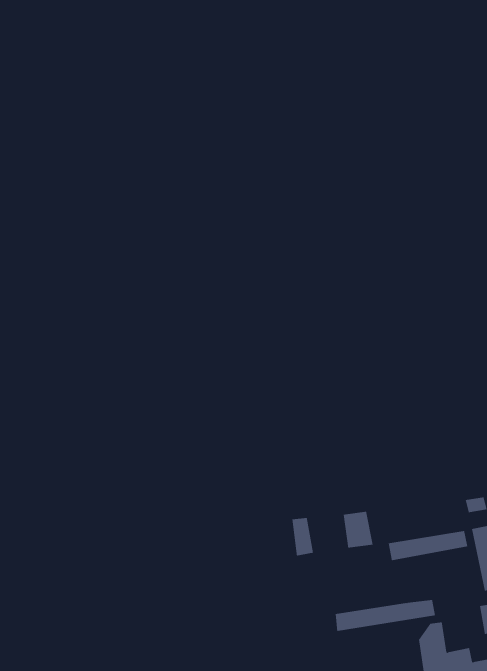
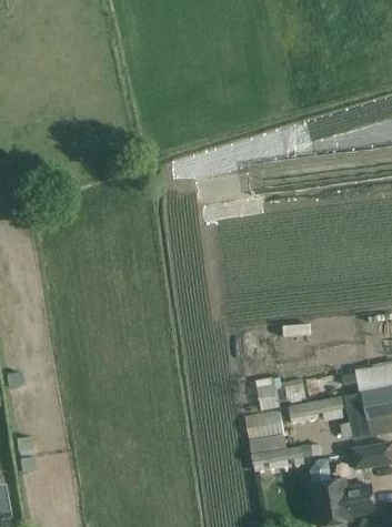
building: none -> [244,411,284,440]

